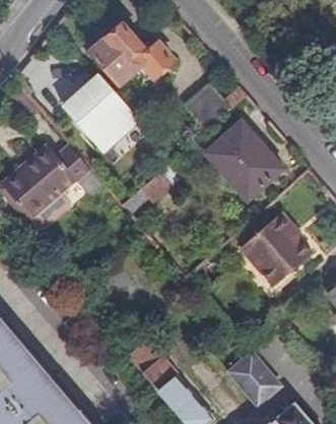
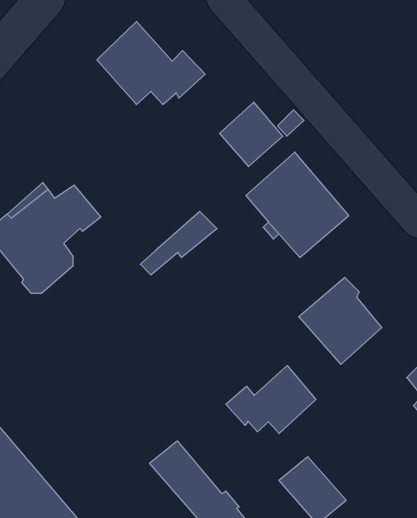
building: [62,74,139,153] -> none
building: none -> [226,366,316,434]

